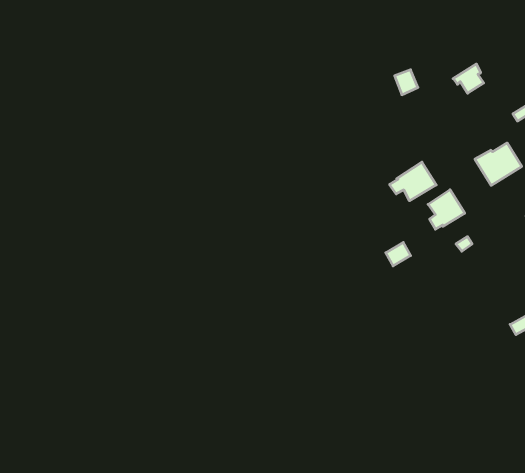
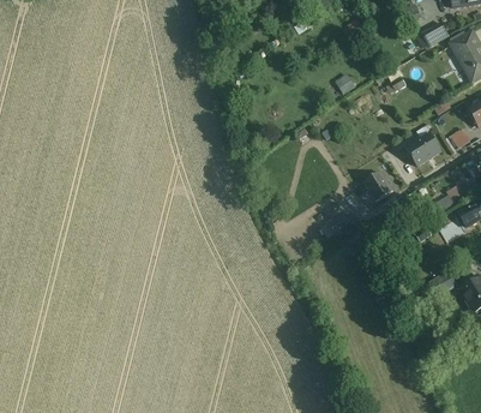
building: [390,162,436,201] -> none

